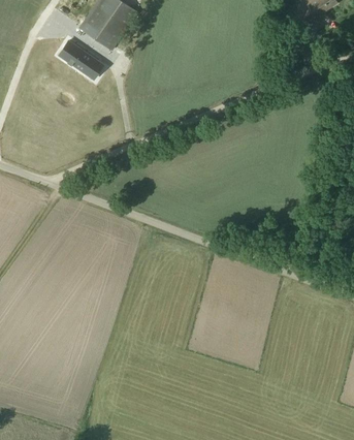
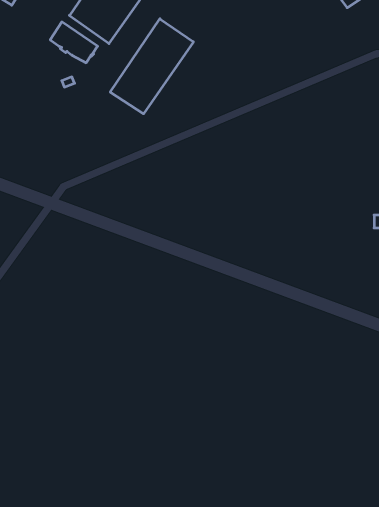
building: none -> [110,19,193,114]

